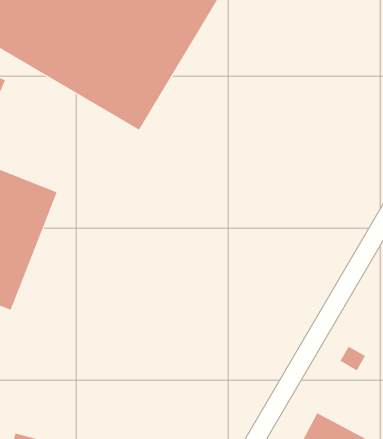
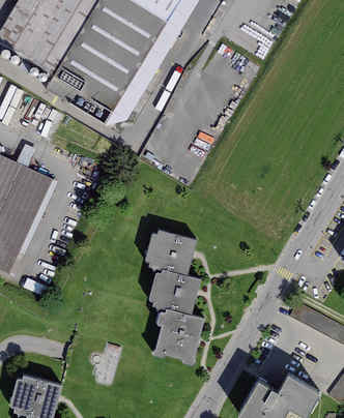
building: none -> [146,230,202,360]

